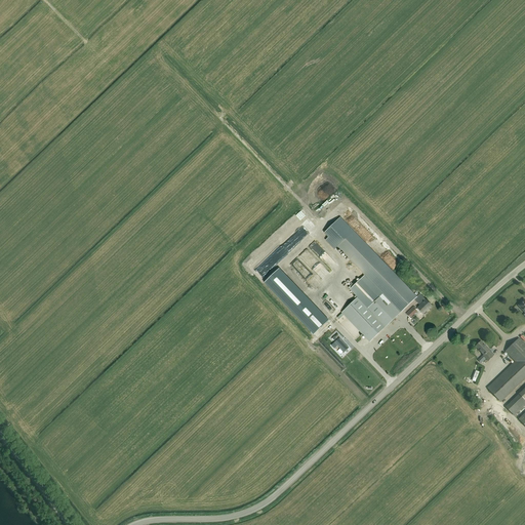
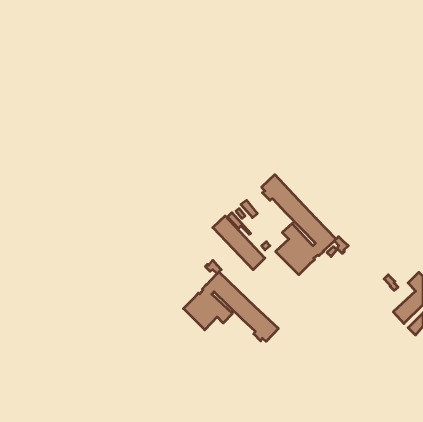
building: none -> [183,260,278,341]

